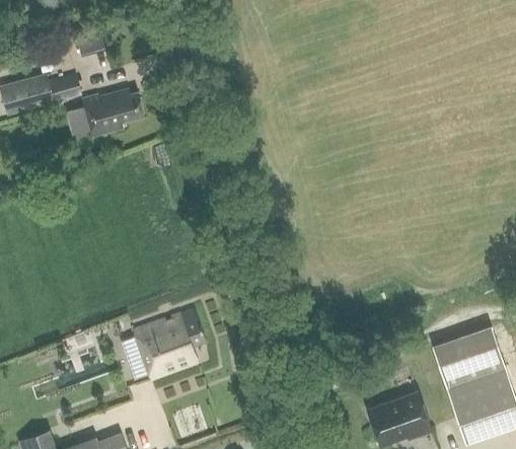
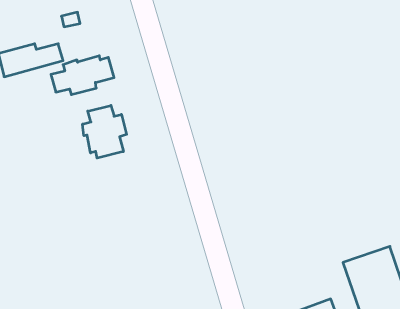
building: none -> [83,105,127,158]
building: [133,309,206,379] -> none

